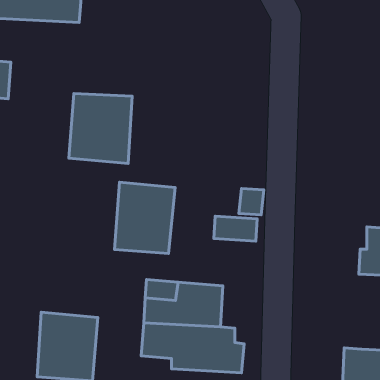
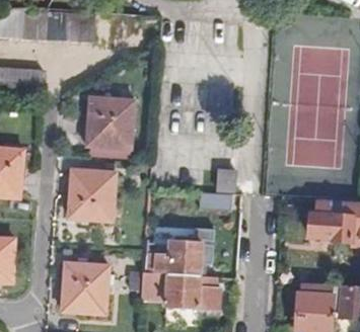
building: [114,182,175,253] -> [69,168,116,223]

